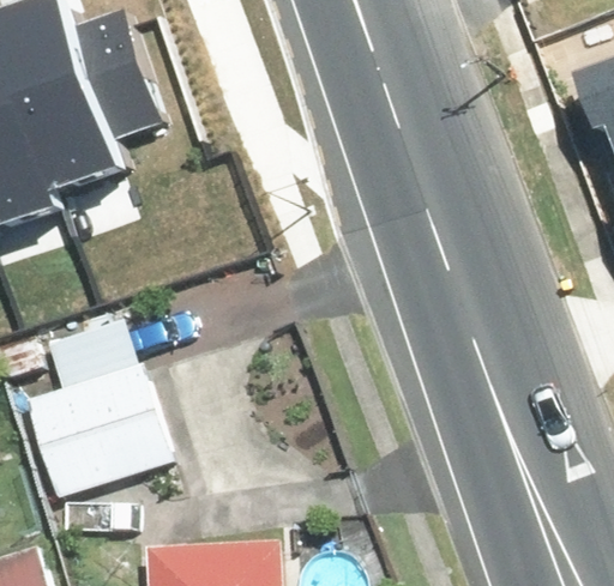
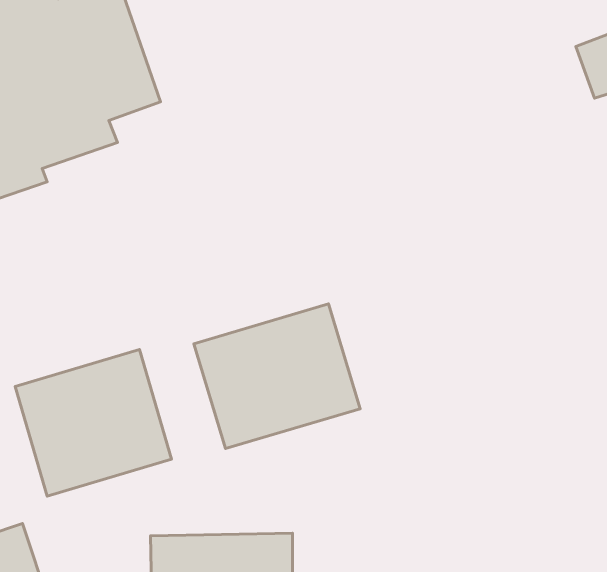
building: none -> [194,304,360,449]

